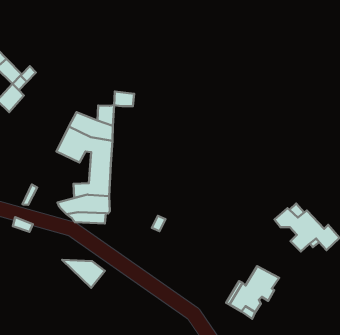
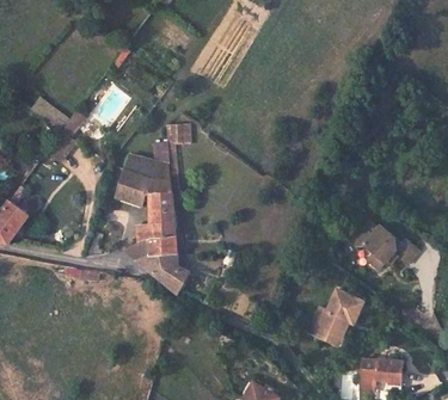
building: [62,260,105,288] -> [142,265,188,293]

